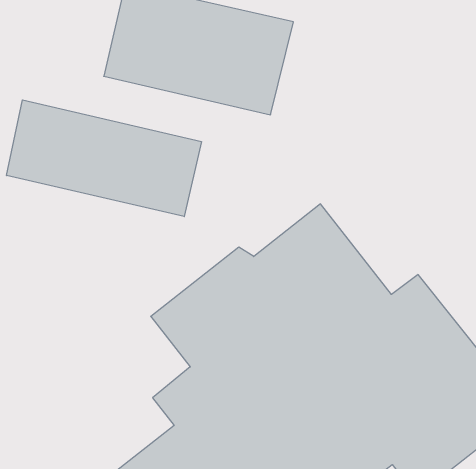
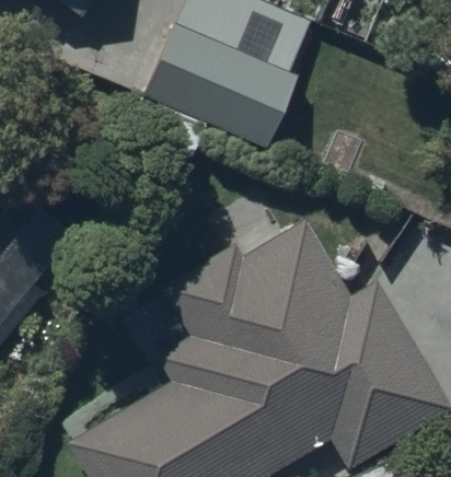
building: [7,100,201,217] -> none

